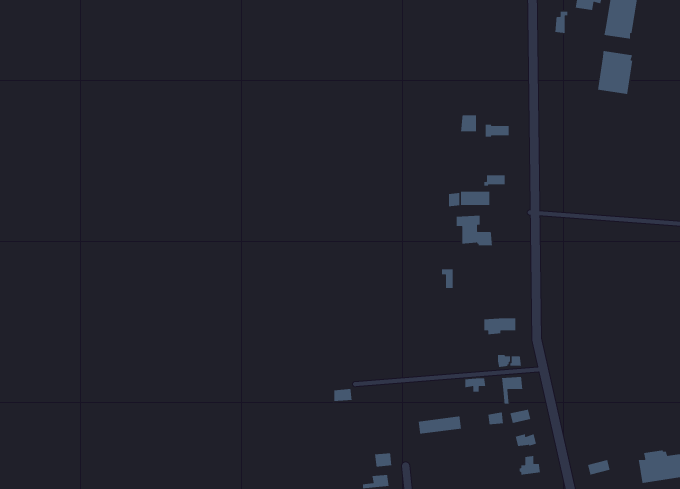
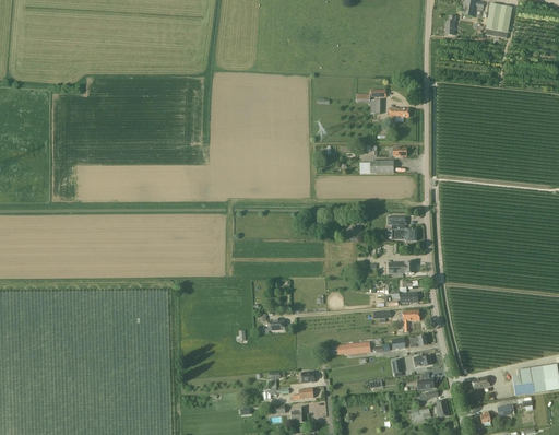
building: [597,50,633,95] -> none
building: [456,215,493,246] -> [388,215,417,240]

